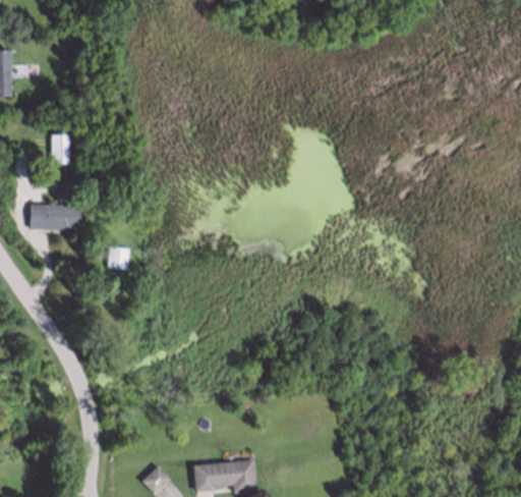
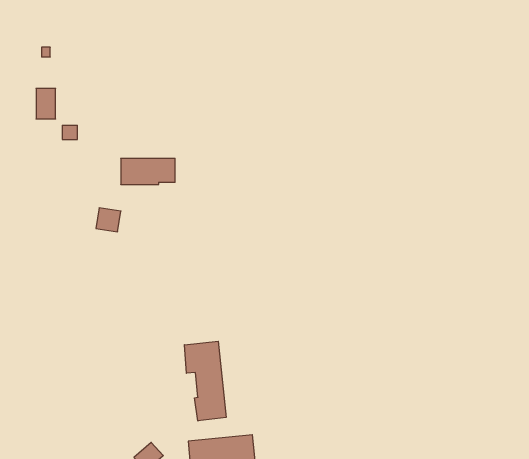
building: [30,205,80,229] -> [121,158,175,184]
building: none -> [184,341,226,421]

